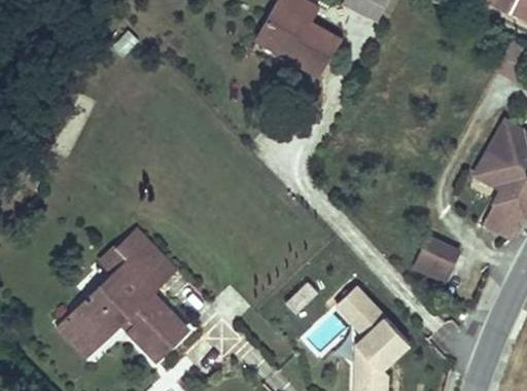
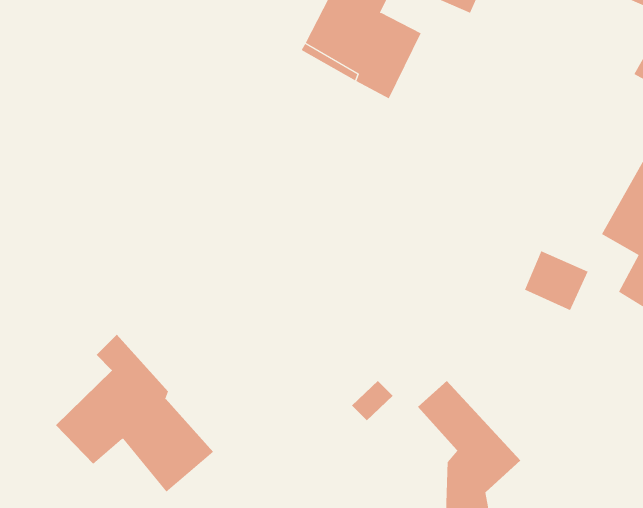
building: [413,229,460,274] -> [524,250,589,311]
building: [116,234,175,292] -> none
building: [55,317,99,362] -> none

